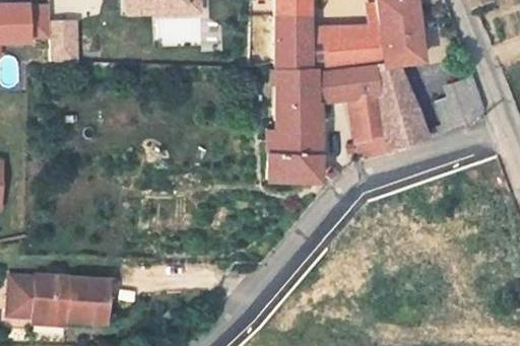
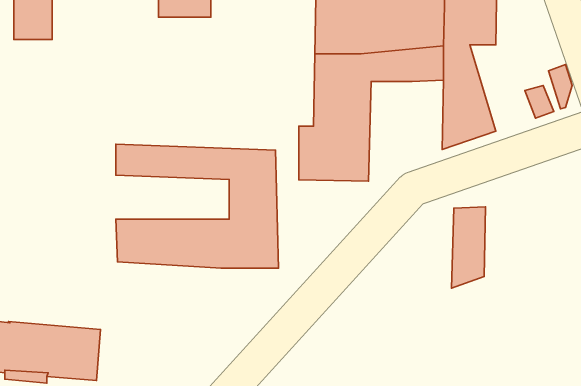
building: [352,93,379,156] -> [451,207,486,288]
building: none -> [116,144,279,268]

